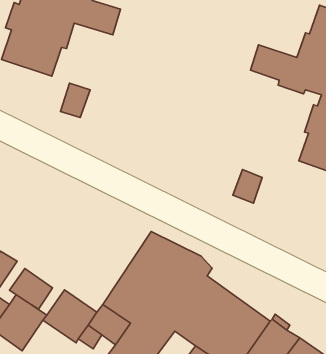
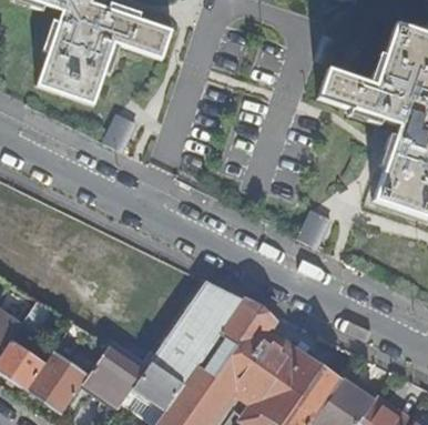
building: [10,268,53,309] -> none

